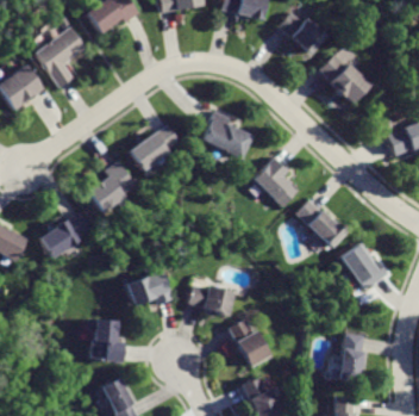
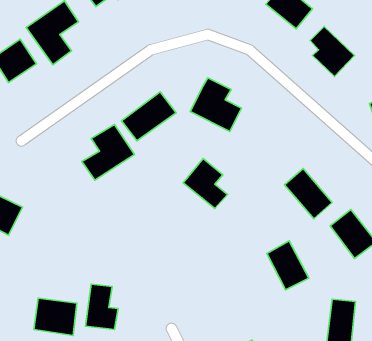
building: [254,154,299,205] -> [183,158,228,209]
building: [32,207,94,260] -> none
building: [123,269,177,312] -> none
building: [190,281,234,315] -> none
building: [229,316,271,366] -> [267,241,309,290]
building: none -> [34,298,77,336]

